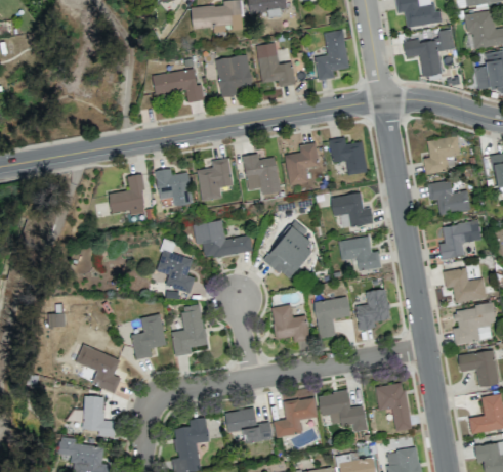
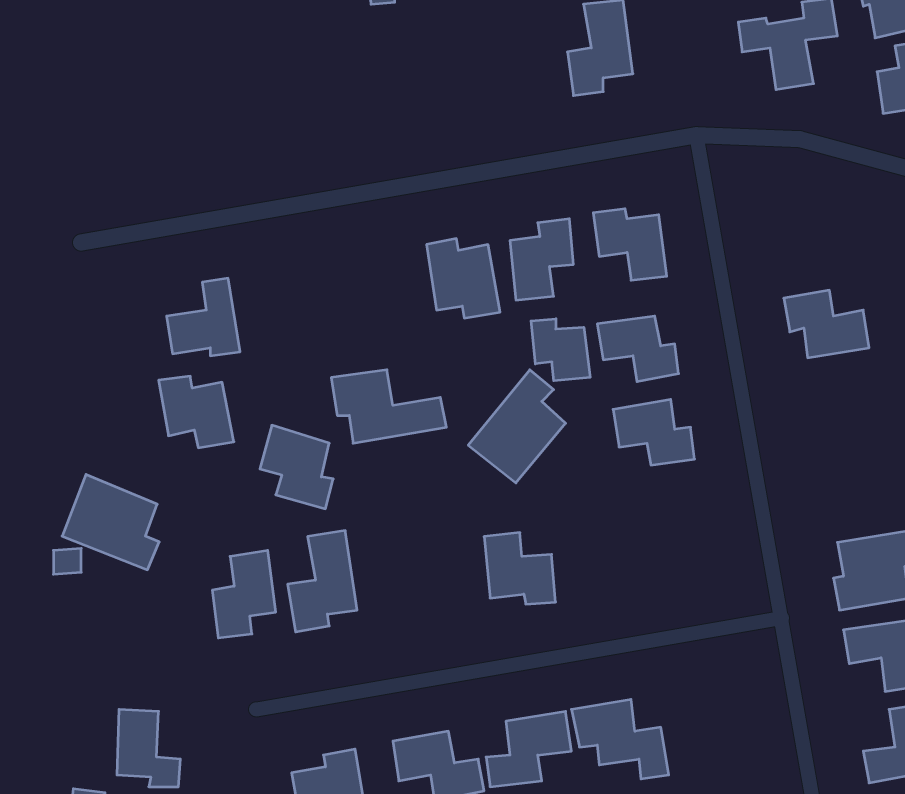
building: [257,43,295,87] -> none
building: [217,55,252,97] -> none
building: [153,69,204,102] -> none
building: [423,135,461,175] -> none
building: [198,158,233,201] -> none
building: [155,169,194,206] -> [159,376,234,448]
building: none -> [531,319,590,381]
building: [439,222,480,259] -> none
building: [444,268,486,303] -> none
building: [357,290,389,331] -> none
building: [315,297,350,339] -> none
building: [71,344,121,393] -> [62,474,159,570]
building: [376,383,411,431] -> none

